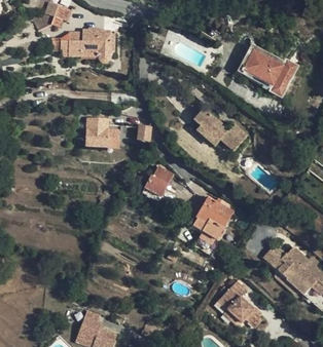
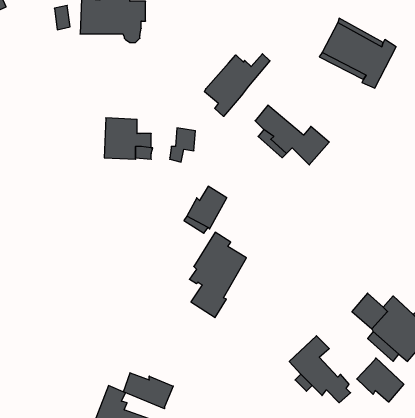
building: none -> [205,54,270,116]
building: [192,192,234,254] -> [189,232,246,318]
building: none -> [357,358,404,402]
building: none -> [124,373,173,409]

